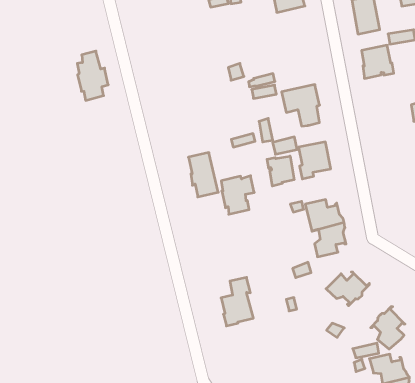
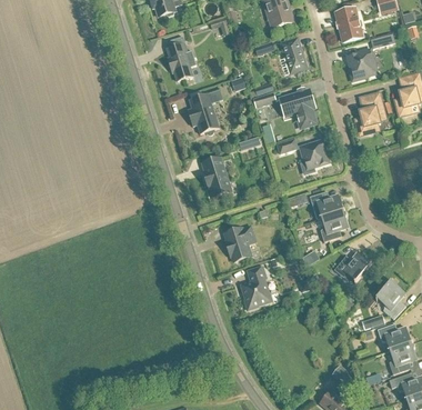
building: none -> [282,37,307,72]
building: [77,51,108,100] -> [167,36,195,80]
building: none -> [188,89,222,134]
building: none -> [355,92,385,134]
building: [267,156,294,186] -> none
building: [221,176,254,214] -> [224,226,254,261]

